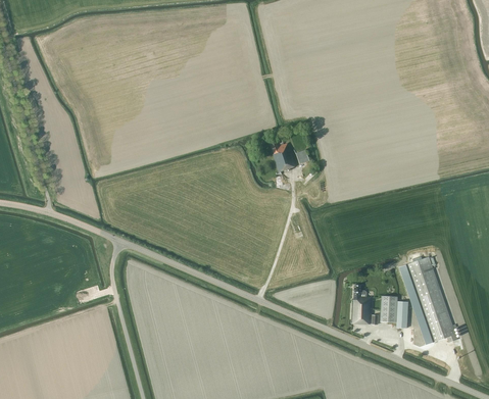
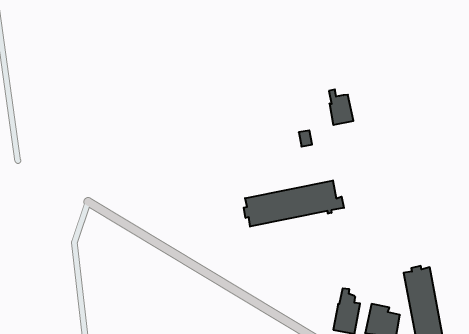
building: [271,140,296,171] -> [329,89,353,125]
building: none -> [244,180,344,227]

